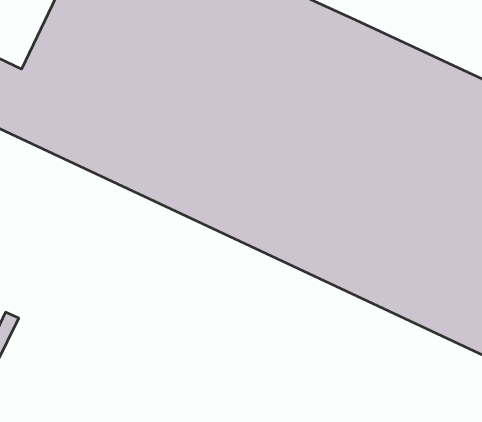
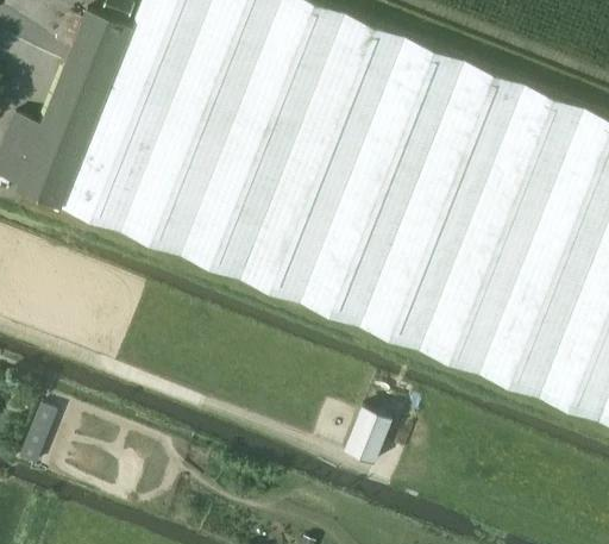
building: none -> [346,409,390,463]

